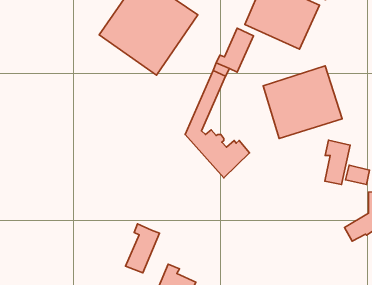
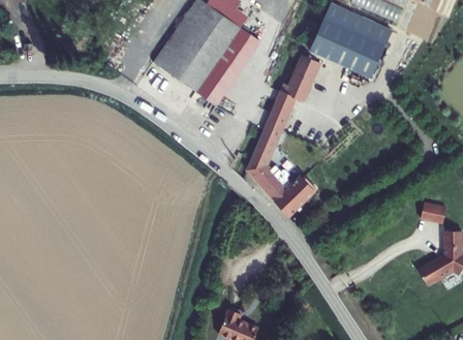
building: [263,66,342,139] -> none
building: [325,140,350,185] -> none
building: [125,224,160,273] -> none

